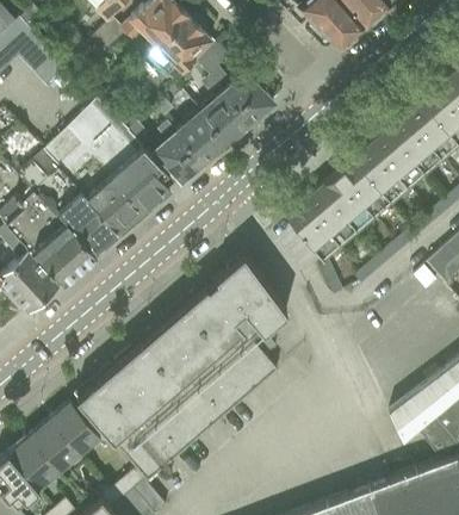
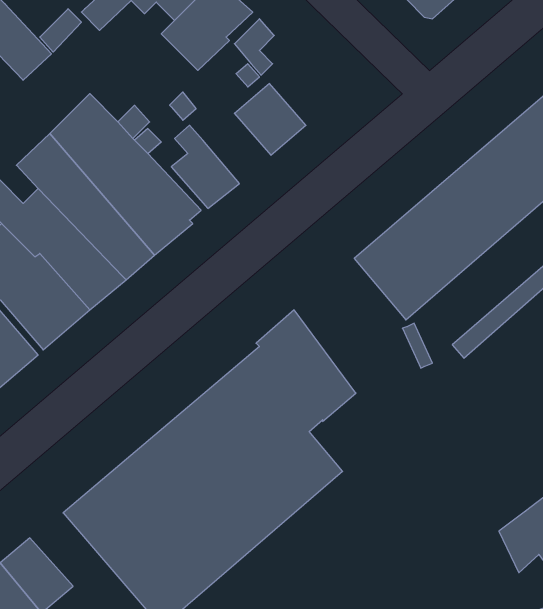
building: [224,76,273,124] -> none
building: [176,116,225,166] -> none
building: [52,405,100,454] -> none

